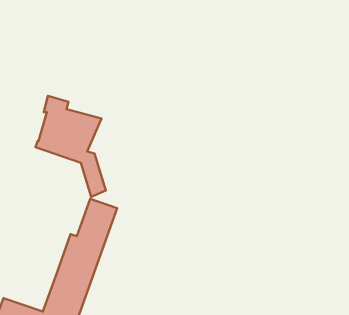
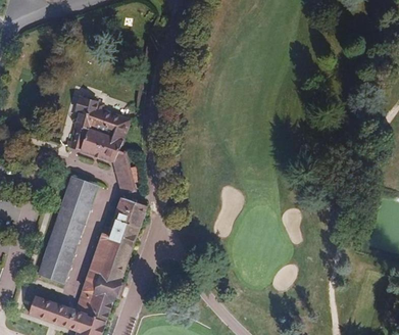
building: none -> [38,176,98,283]

